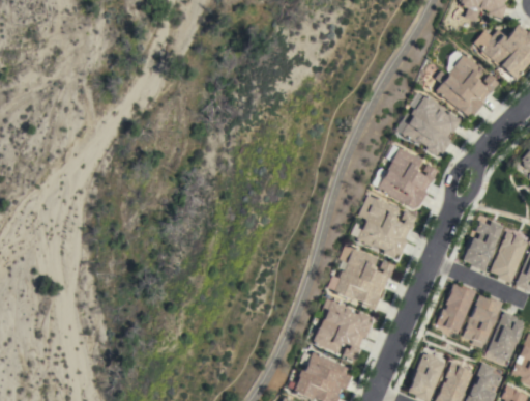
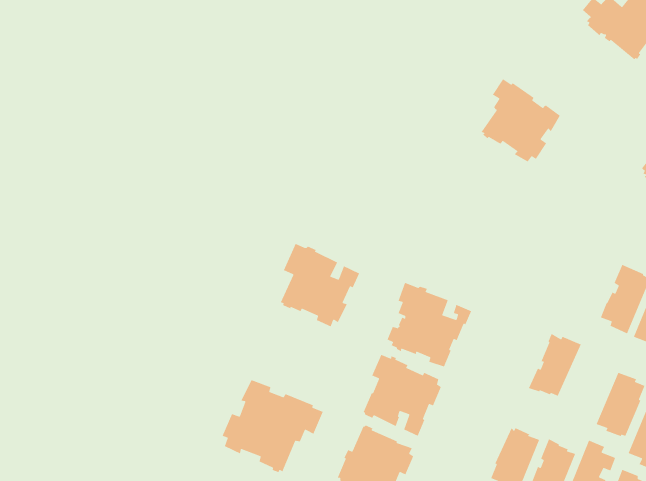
building: [436,51,499,117] -> none
building: [377,147,439,208] -> none
building: [357,195,417,258] -> [280,243,360,327]
building: [464,221,504,271] -> none
building: [463,295,504,348] -> none
building: none -> [221,379,324,473]

